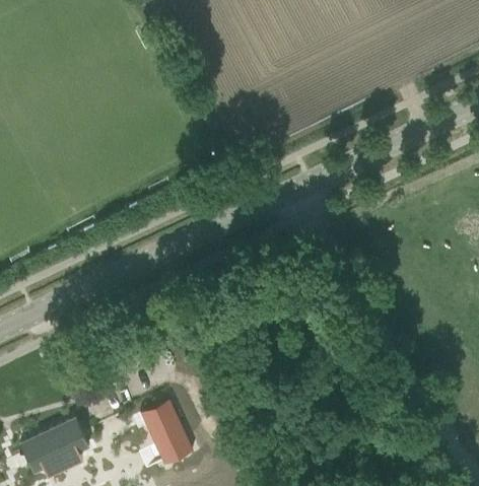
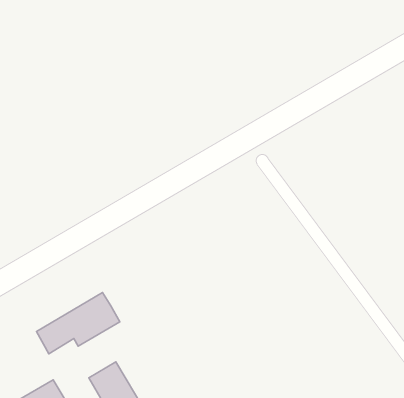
building: none -> [36,293,120,354]

